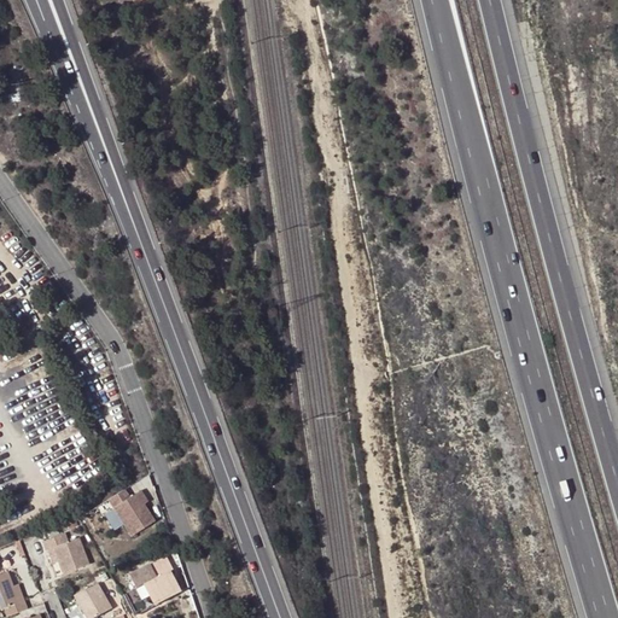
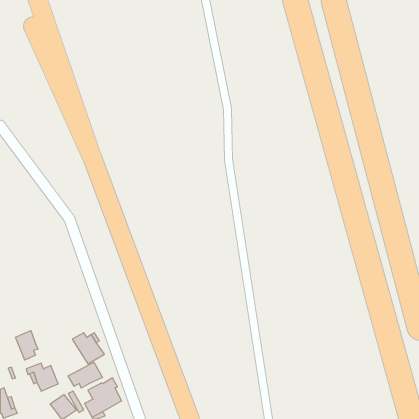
building: none -> [15,331,38,360]
building: none -> [68,362,102,388]

